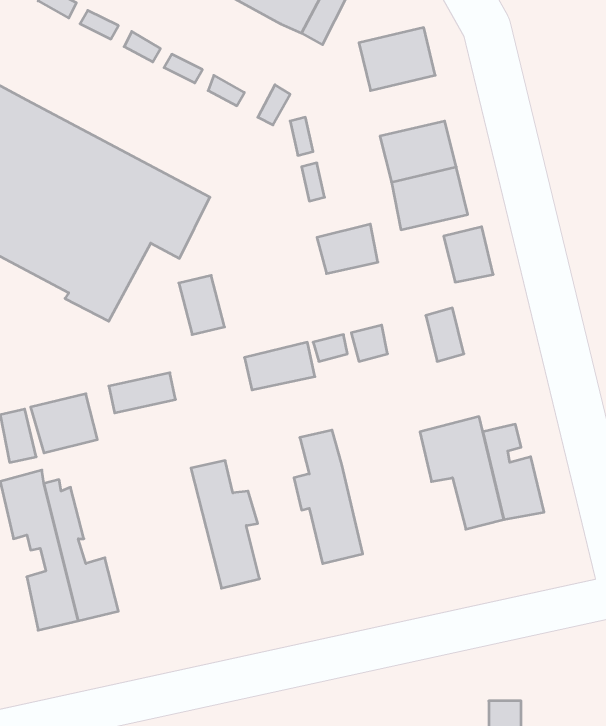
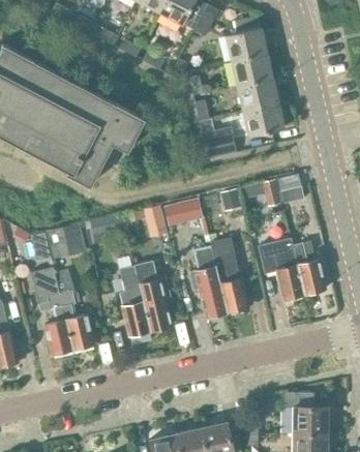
building: none -> [231,53,271,86]
building: [444,227,493,282] -> [276,174,303,204]
building: [179,275,225,335] -> [142,206,167,238]
building: none -> [210,237,247,312]
building: none -> [119,266,150,336]

